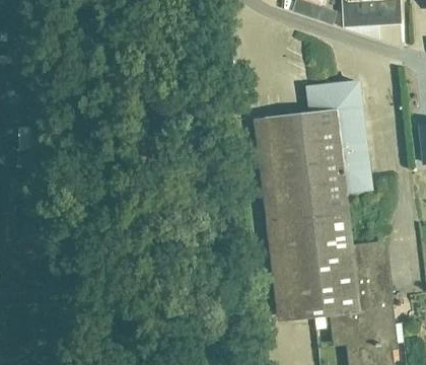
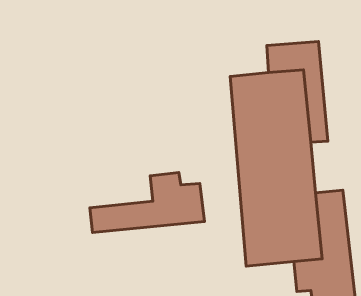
building: none -> [90,172,205,232]

